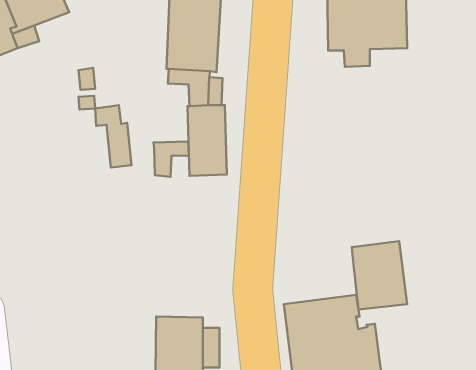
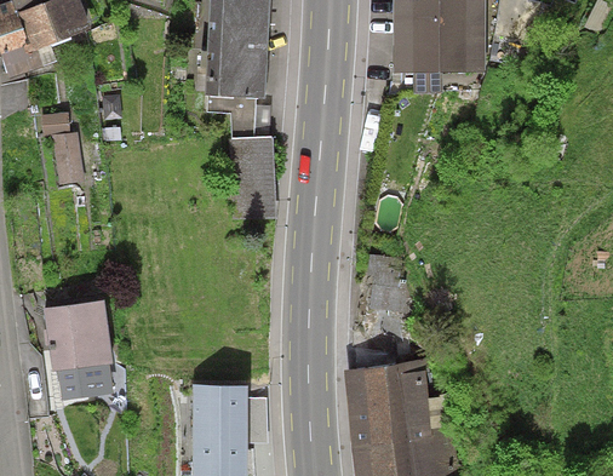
building: [95,105,131,167] -> [40,111,82,184]
building: [153,141,189,177] -> none
building: [352,241,407,310] -> none
building: none -> [44,300,113,400]

